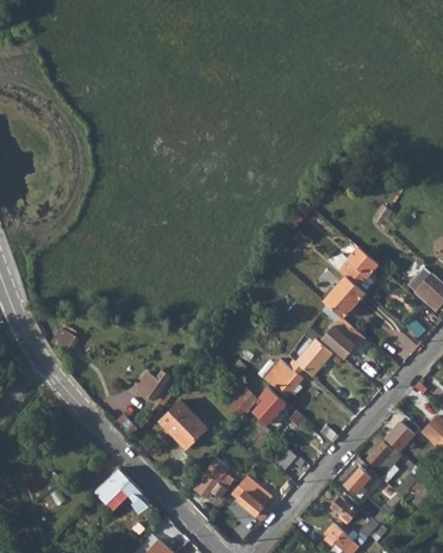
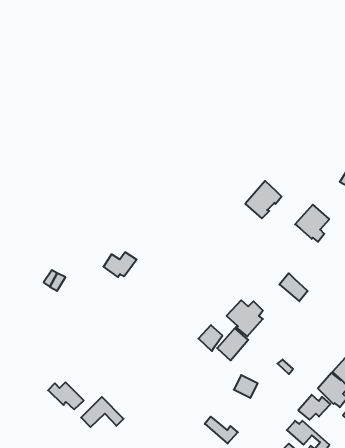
building: [323,275,364,318] -> [245,181,282,218]
building: [294,338,331,377] -> none
building: [137,371,175,399] -> [103,252,137,277]
building: [158,400,207,449] -> none
building: none -> [48,382,84,409]
building: [191,454,239,502] -> none

